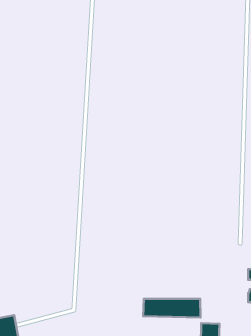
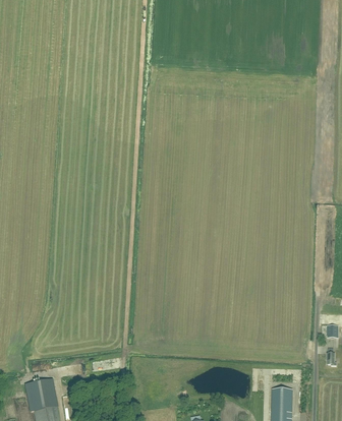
building: [143,299,200,317] -> none

